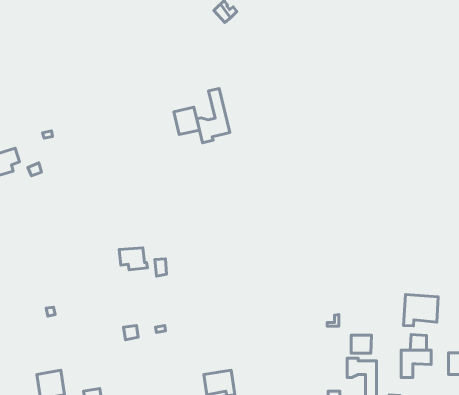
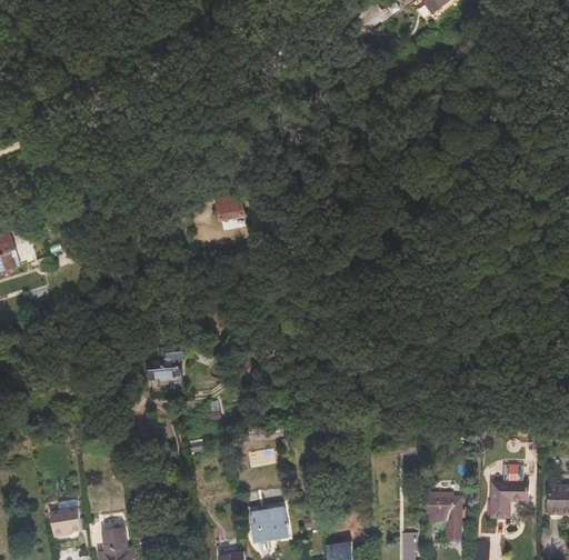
building: [197,88,230,143] -> none
building: [404,294,438,326] -> none
building: [351,335,372,353] -> none

